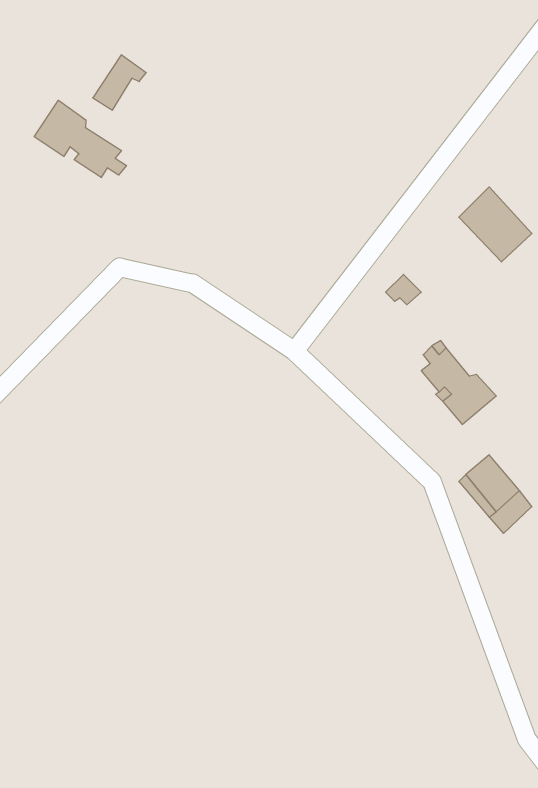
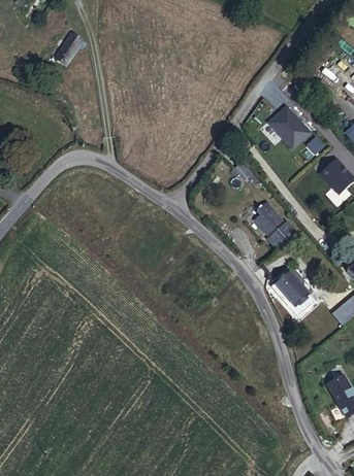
building: [34,100,126,178] -> none

